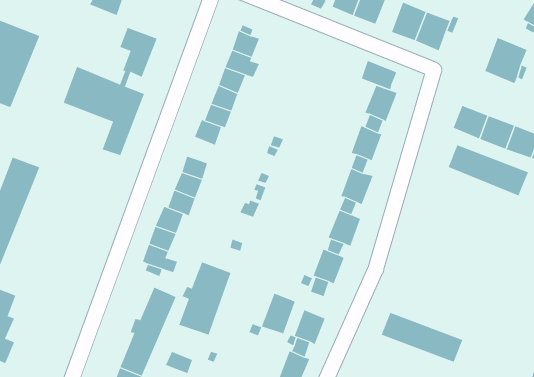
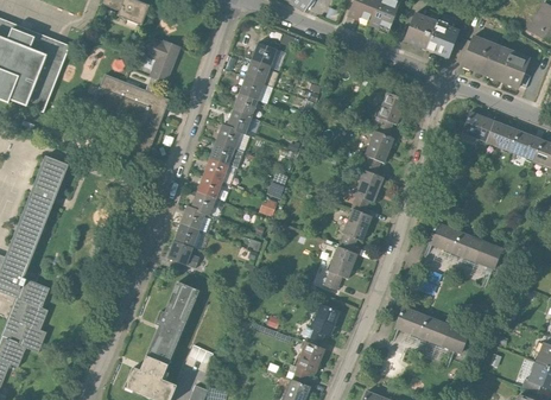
building: none -> [460,36,501,78]
building: [361,60,397,90] -> none
building: none -> [209,140,245,169]
building: [448,145,529,196] -> [426,221,502,269]
building: [179,261,231,336] -> none
building: [261,293,296,334] -> none

